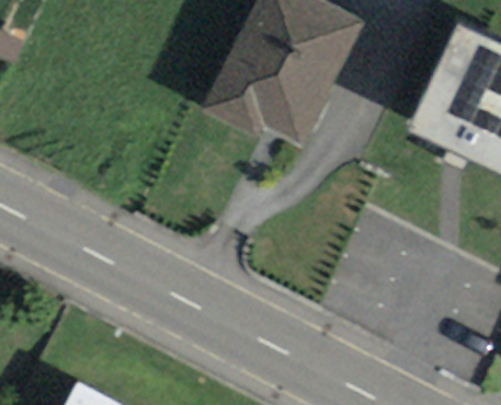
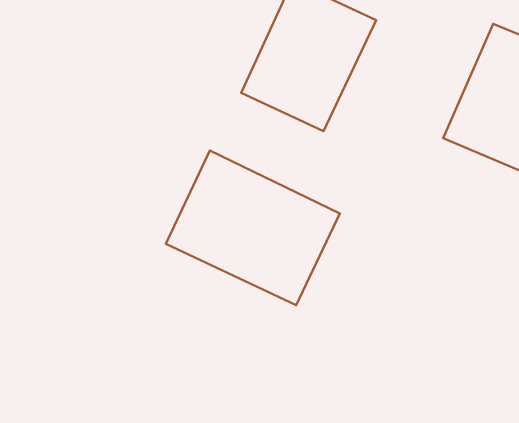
building: none -> [166,150,340,305]

